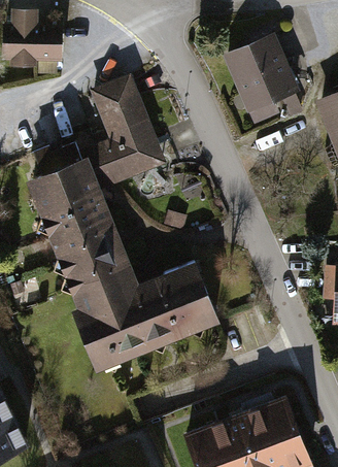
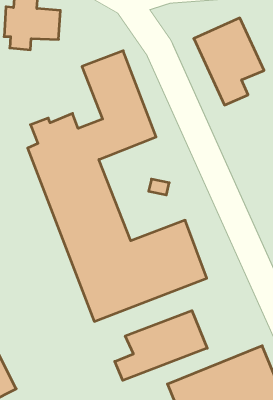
building: none -> [115,311,207,380]

